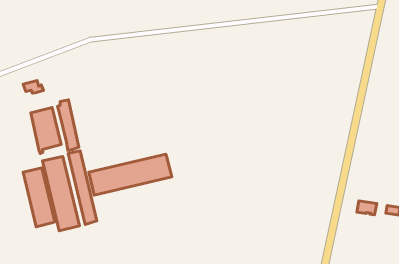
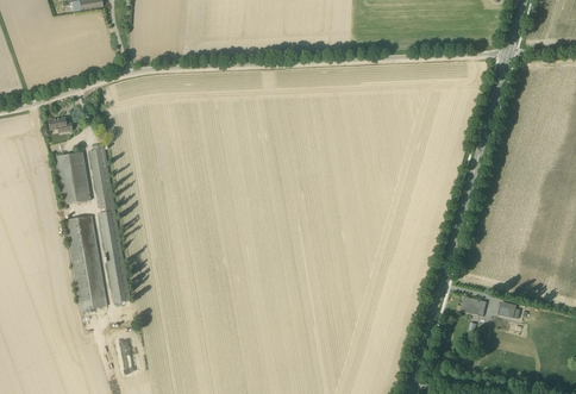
building: [89,154,172,195] -> none
building: [23,168,55,227] -> none

